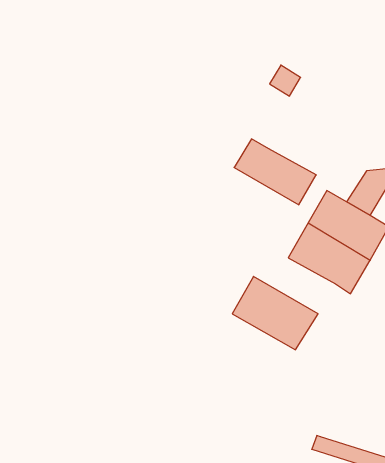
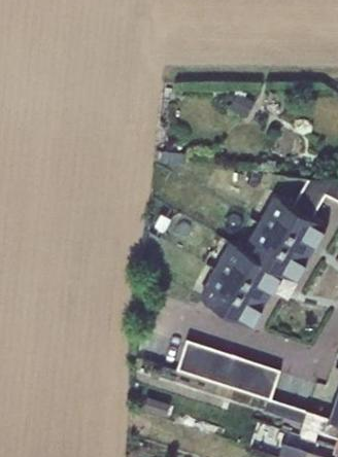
building: [234,139,316,205] -> [215,244,283,298]
building: none -> [178,343,280,400]

